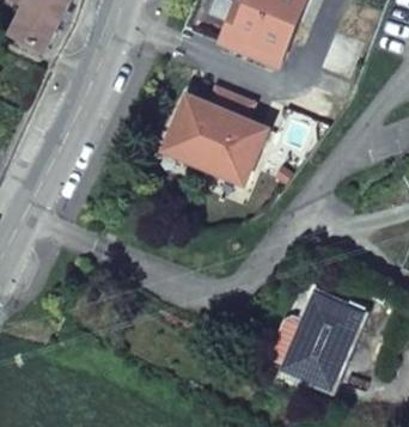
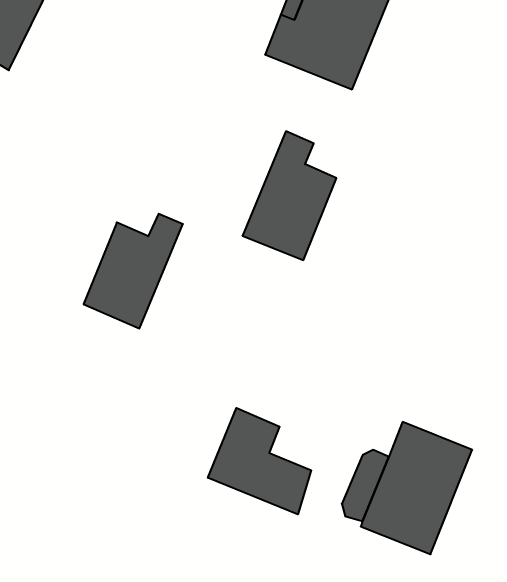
building: [164,87,232,166] -> [84,214,183,329]
building: none -> [208,408,311,514]

